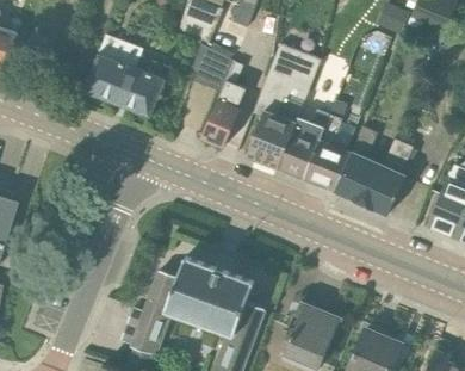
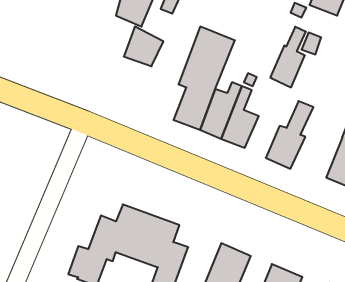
building: [85,33,169,116] -> none
building: [201,61,244,146] -> none
building: [333,128,376,200] -> [270,27,306,87]

